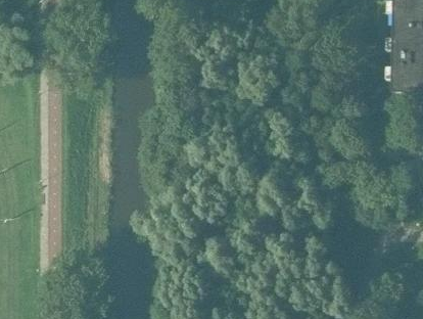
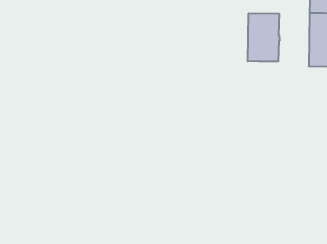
building: none -> [248,13,280,62]

